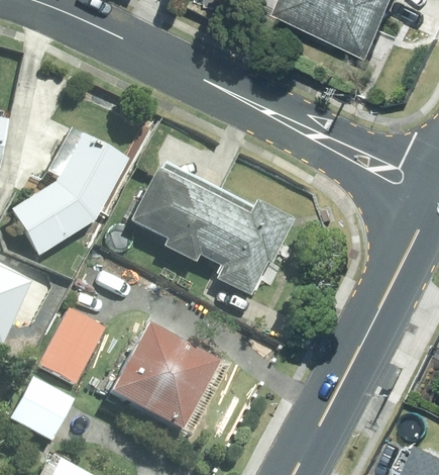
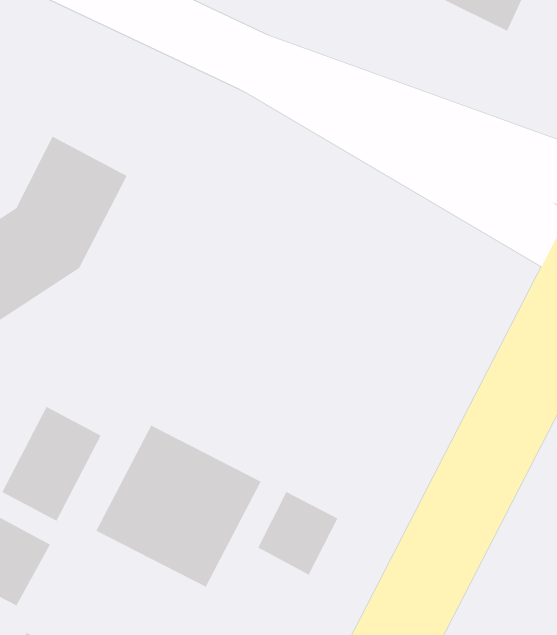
building: [128,167,292,295] -> none
building: none -> [258,491,338,575]

